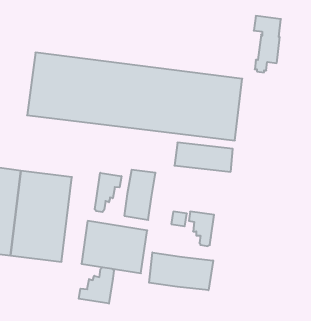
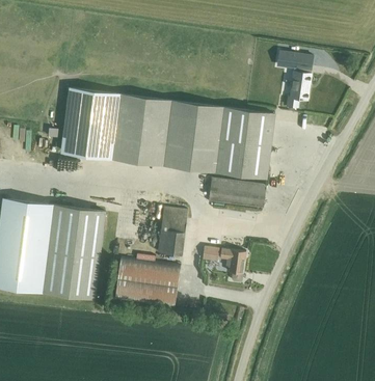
building: [95,173,121,212] -> none
building: [149,252,213,290] -> none
building: [79,267,114,304] -> none

